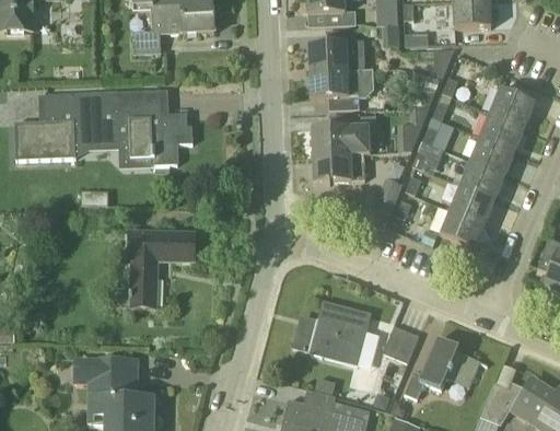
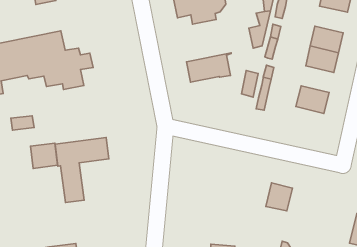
building: [311,112,377,154] -> none
building: [481,112,525,150] -> none
building: [452,184,495,222] -> none
building: none -> [30,143,58,168]
building: [292,300,370,365] -> none
building: [405,342,479,397] -> none

